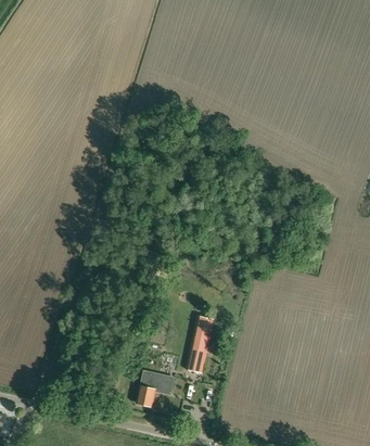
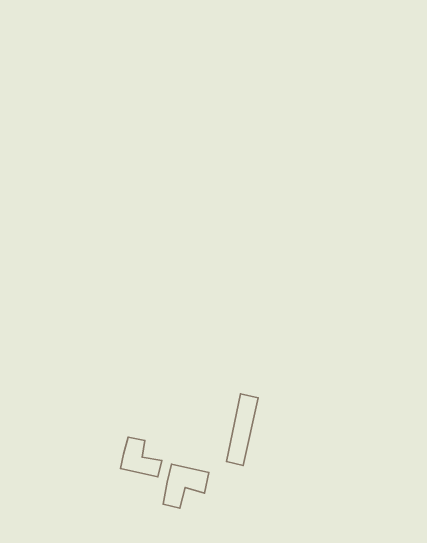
building: none -> [121,437,162,477]

